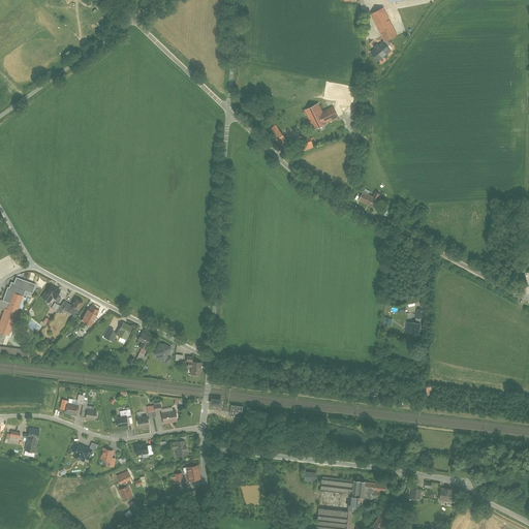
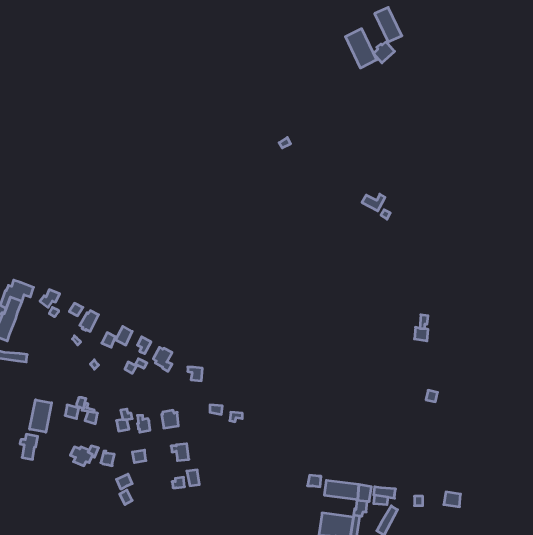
building: none -> [345,29,377,68]
building: [303,104,336,131] -> none
building: none -> [30,400,52,432]

